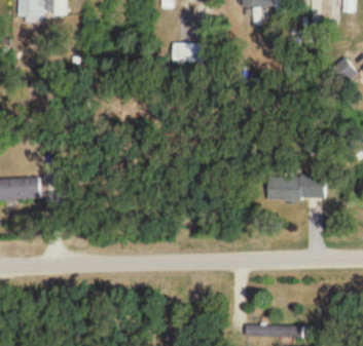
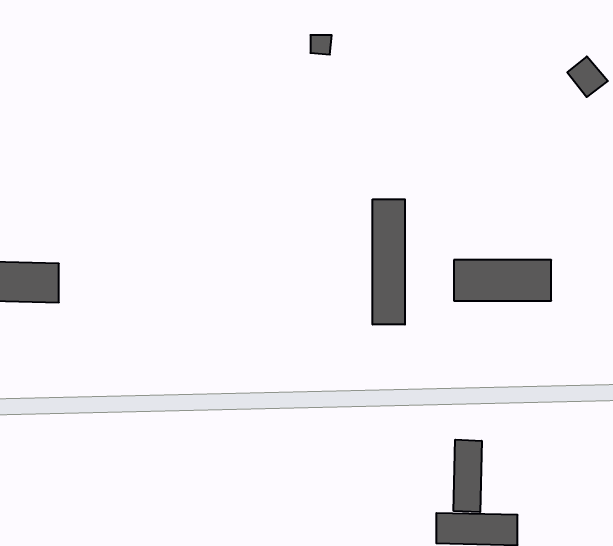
building: none -> [373,199,405,325]
building: none -> [454,440,482,512]

